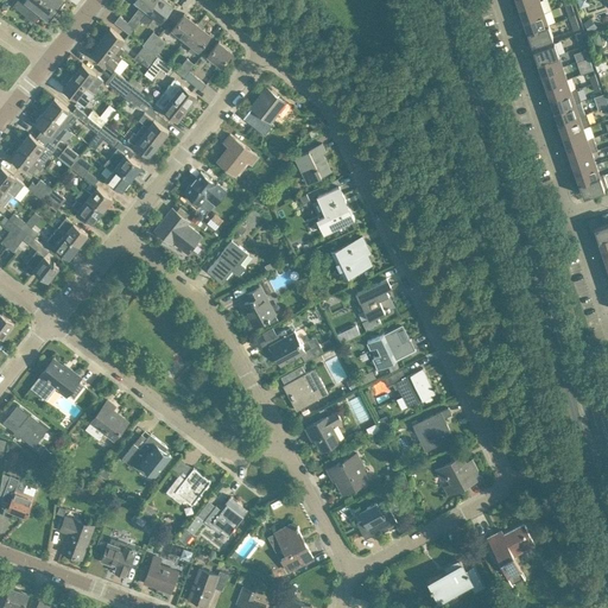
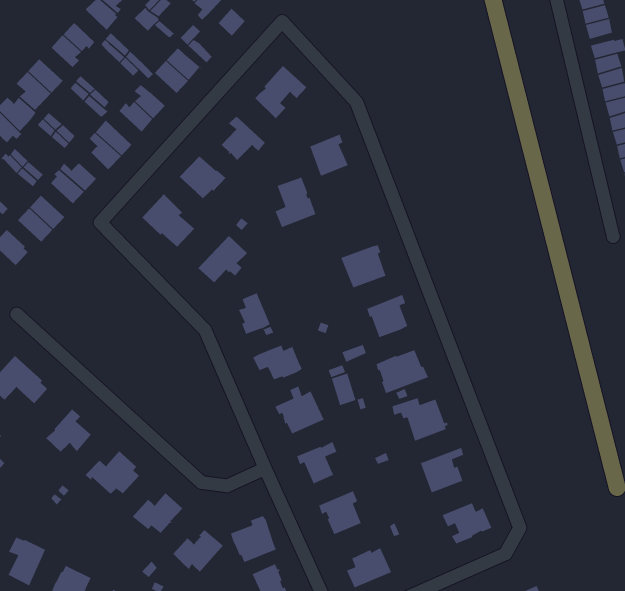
building: [316,189,353,235] -> [274,176,317,228]
building: none -> [230,515,277,563]

